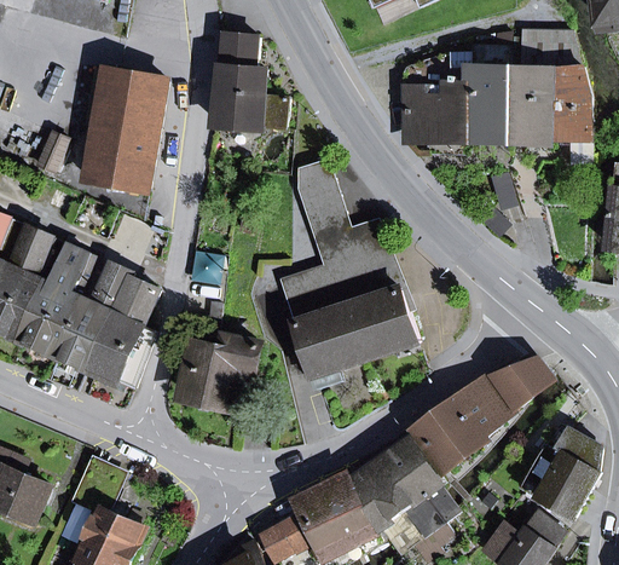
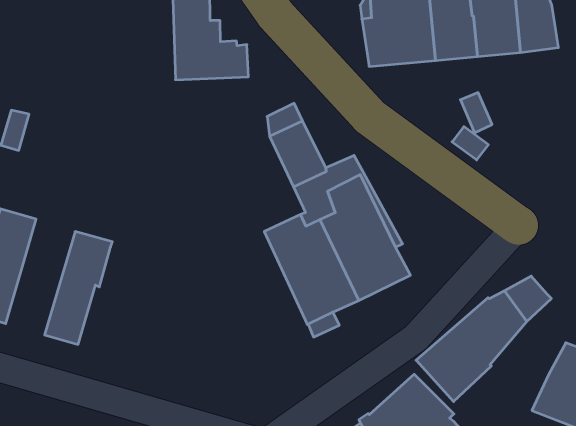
building: [87,71,166,191] -> none
building: [18,246,97,356] -> none
building: [86,278,157,392] -> none
building: [184,339,259,410] -> none

